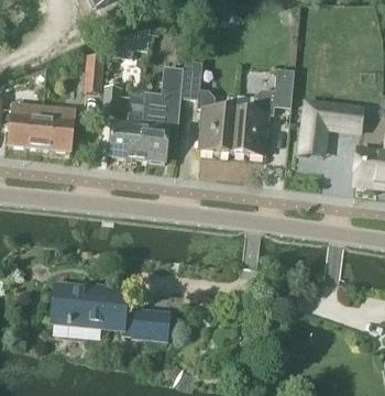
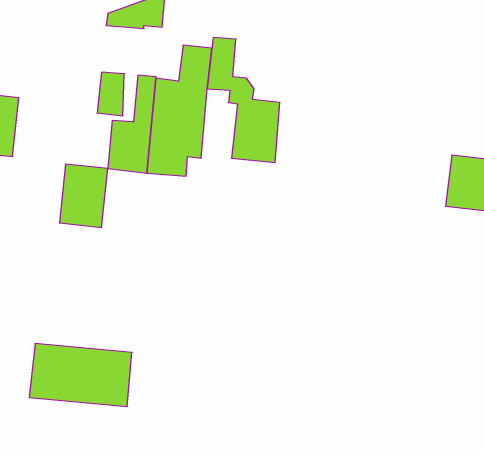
building: [84,54,105,92] -> none
building: [231,67,295,154] -> none
building: [300,99,363,154] -> none
building: [40,103,75,150] -> [59,164,108,227]
building: [122,305,170,339] -> none

